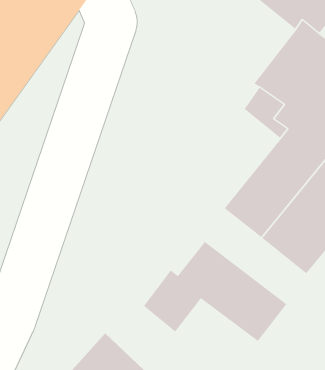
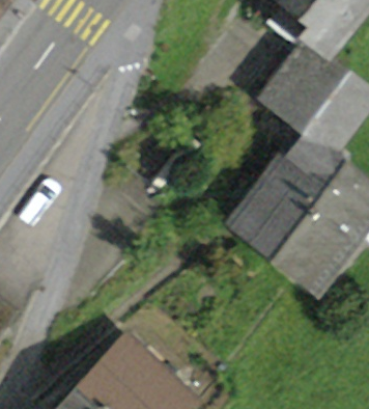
building: [143,241,287,342] -> none

